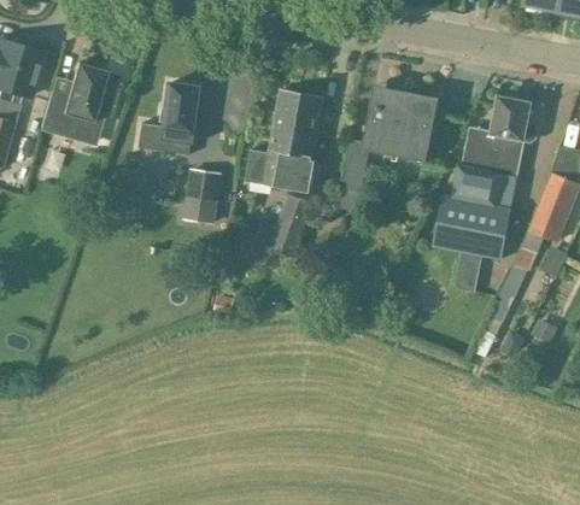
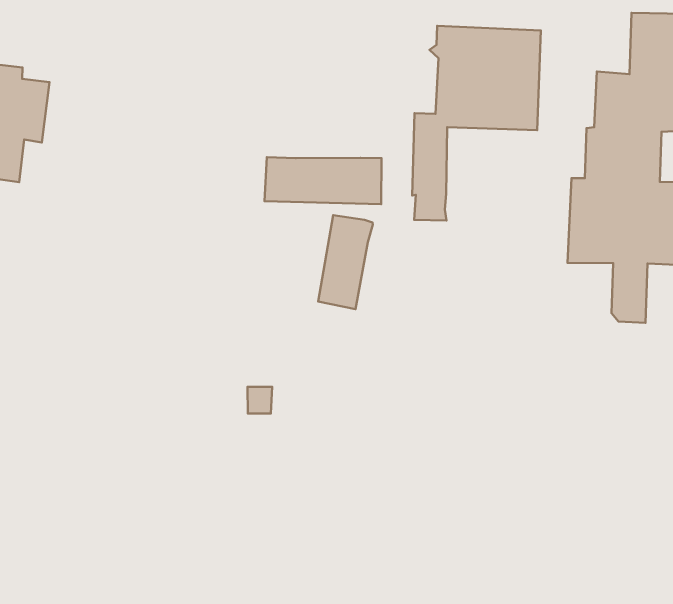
building: [137,82,199,163] -> none
building: [270,89,322,160] -> none
building: [183,171,219,223] -> none

